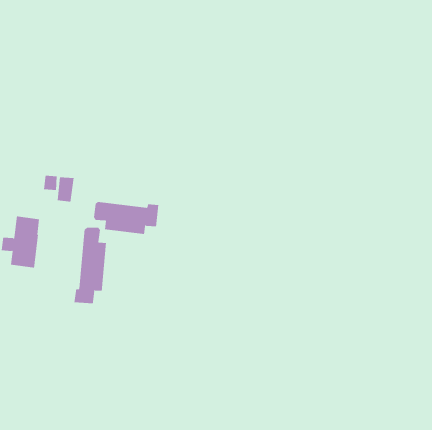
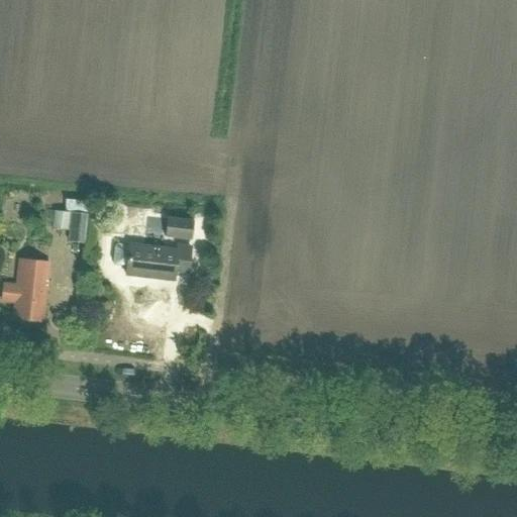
building: none -> [165,215,194,238]
building: [74,227,106,304] -> none

